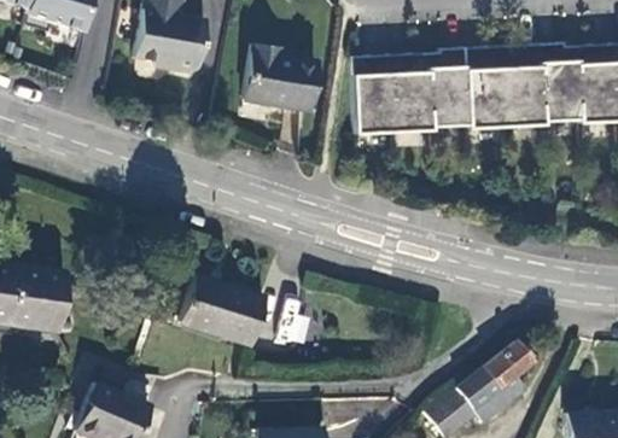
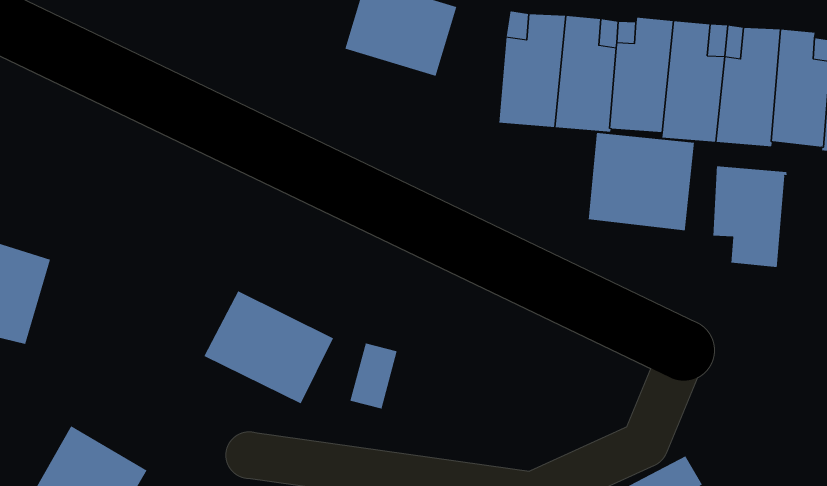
building: none -> [588,132,695,231]
building: none -> [713,166,787,268]

